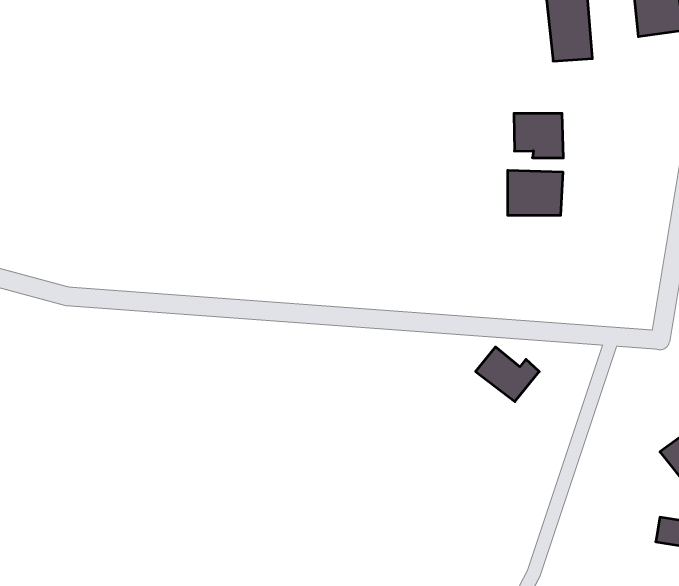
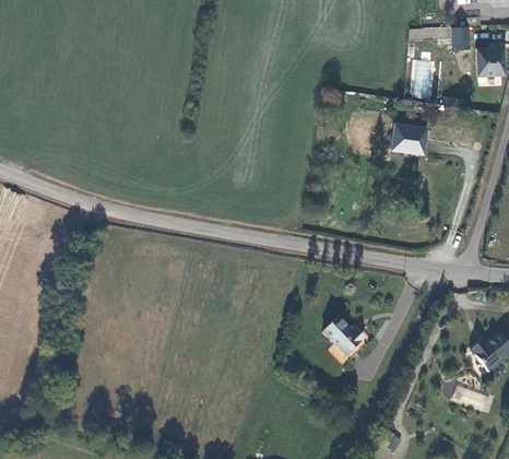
building: [508,170,563,215] -> none
building: [476,347,539,402] -> [324,317,365,353]

